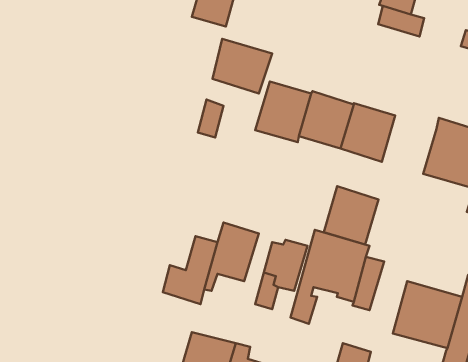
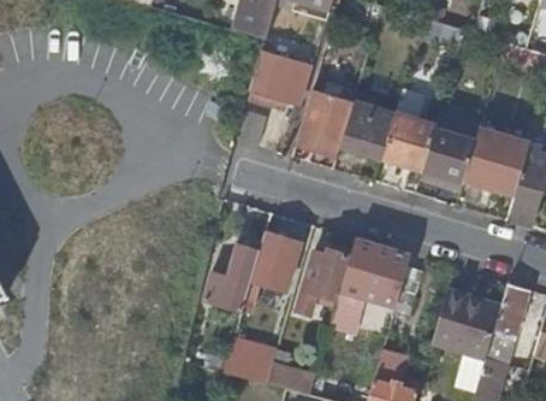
building: [324,186,379,245] -> [421,125,475,183]

